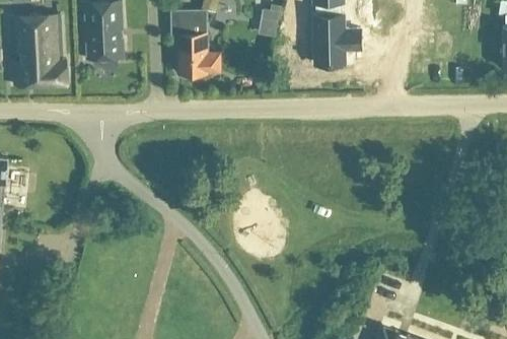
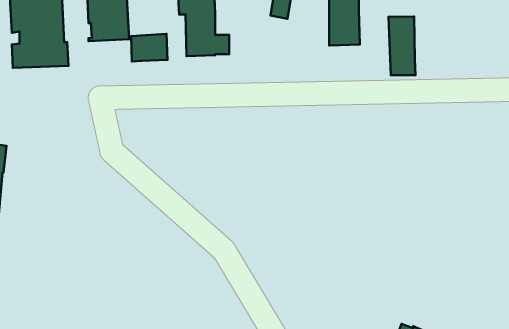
building: none -> [388,17,415,75]
building: none -> [131,34,168,62]

